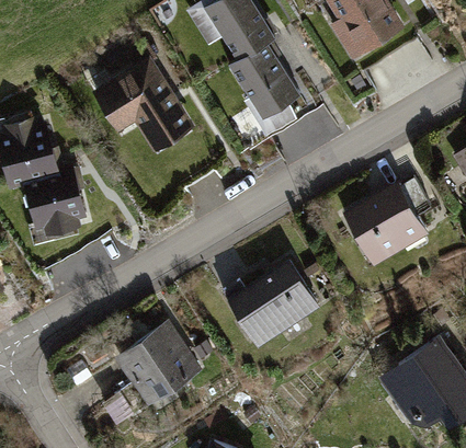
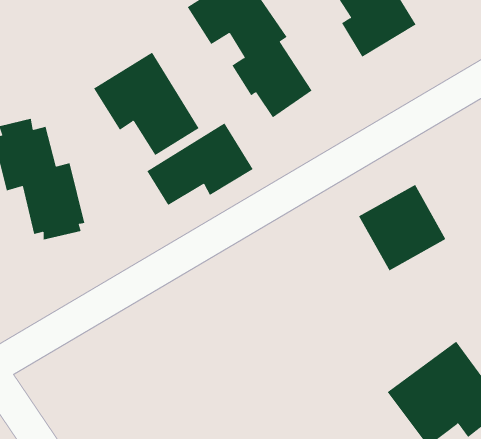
building: none -> [147,123,253,206]
building: [230,261,322,347] -> none
building: [115,323,197,405] -> none

